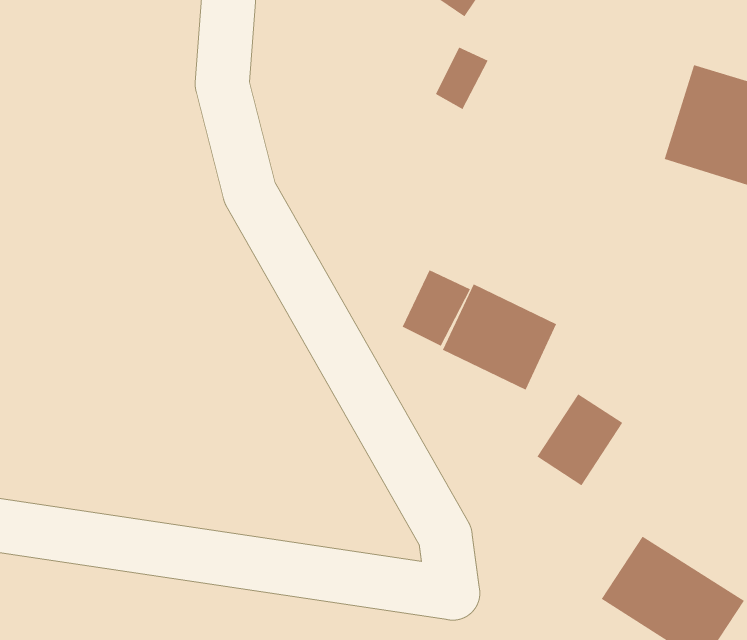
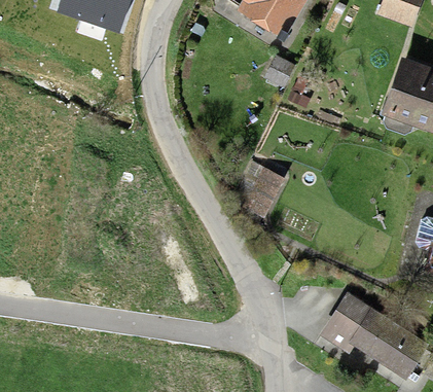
building: [442,283,557,391] -> none
building: [536,393,623,486] -> [326,294,371,343]

